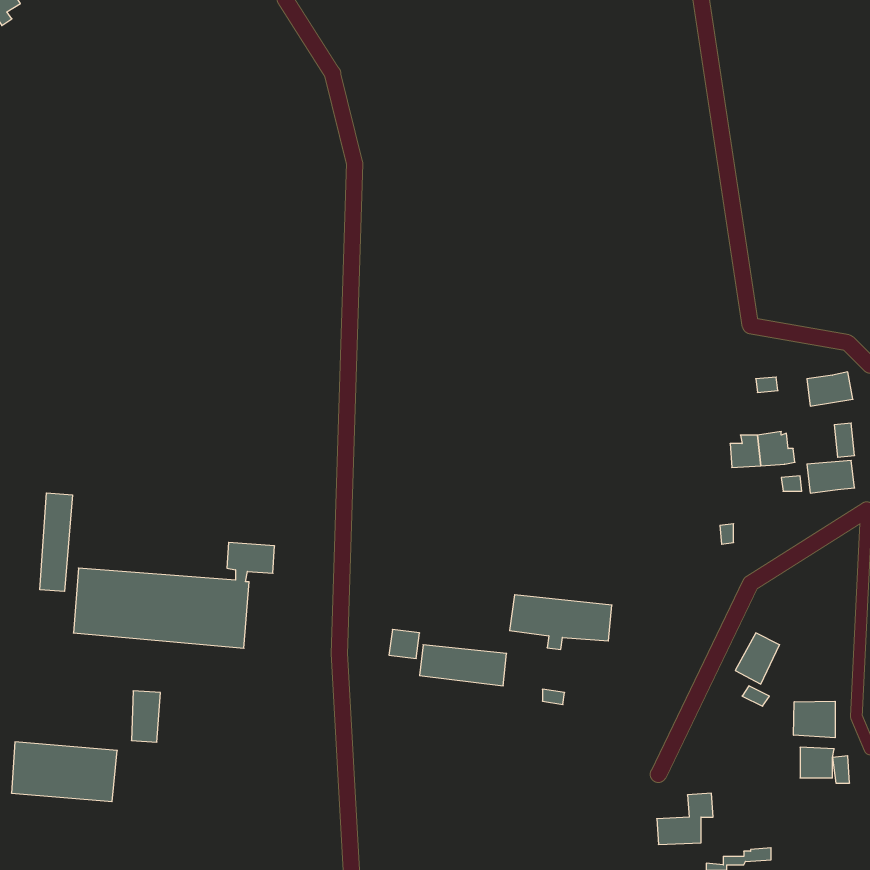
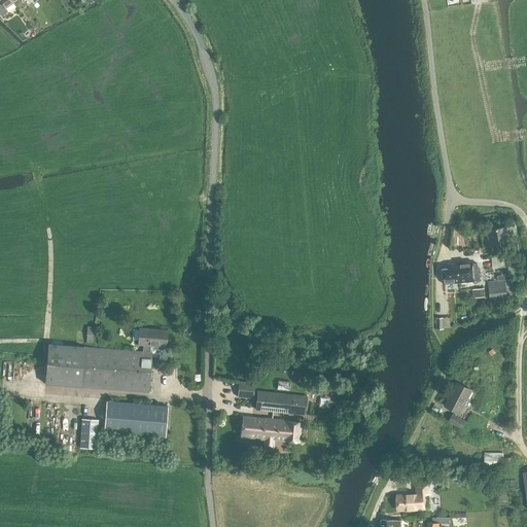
building: [40,493,72,591] -> none
building: [510,595,612,649] -> [239,415,301,448]
building: [794,701,835,738] -> none
building: [11,742,117,802] -> [103,400,167,436]

